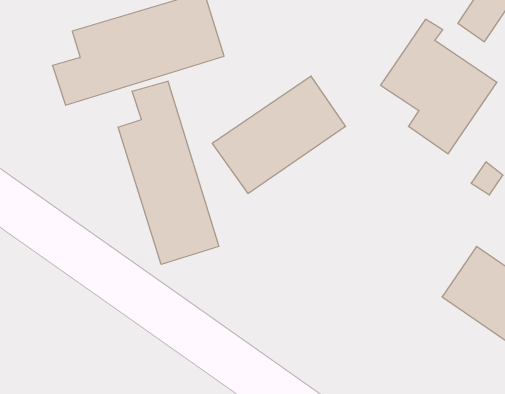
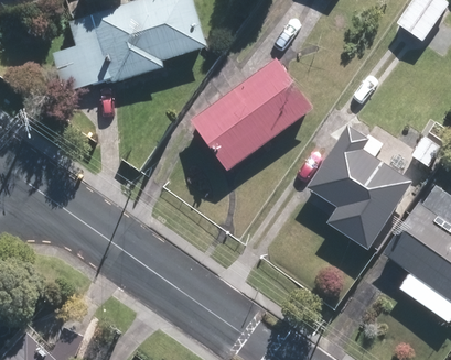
building: [381,19,497,154] -> [309,132,406,244]
building: [118,81,219,264] -> none

